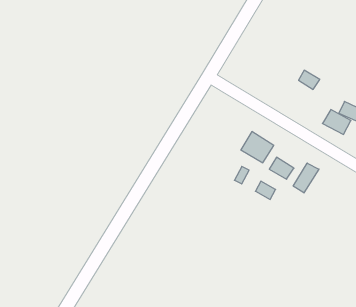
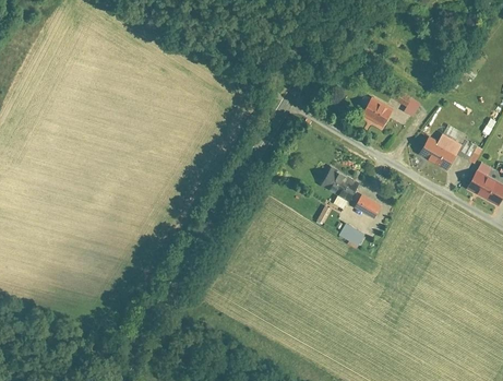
building: none -> [362,96,394,124]
building: [293,163,319,193] -> none

